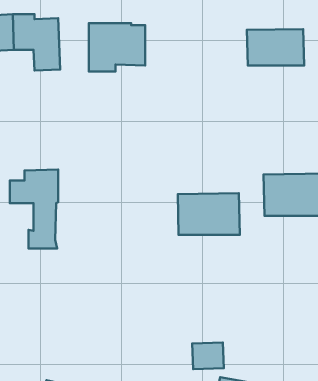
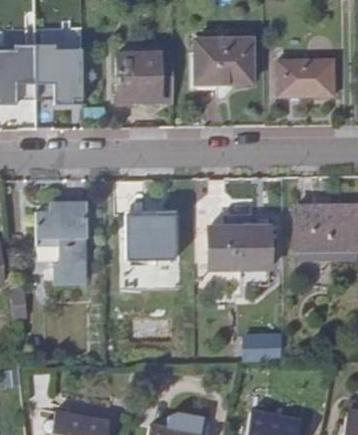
building: none -> [195,39,252,83]
building: none -> [124,213,174,259]
building: [192,342,224,369] -> [252,333,284,360]

